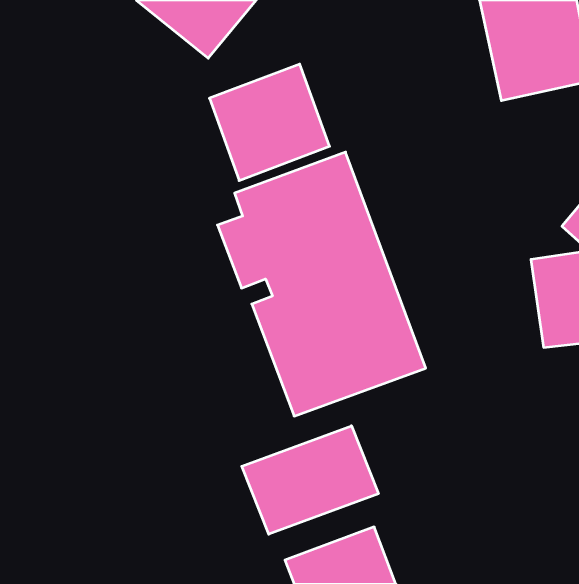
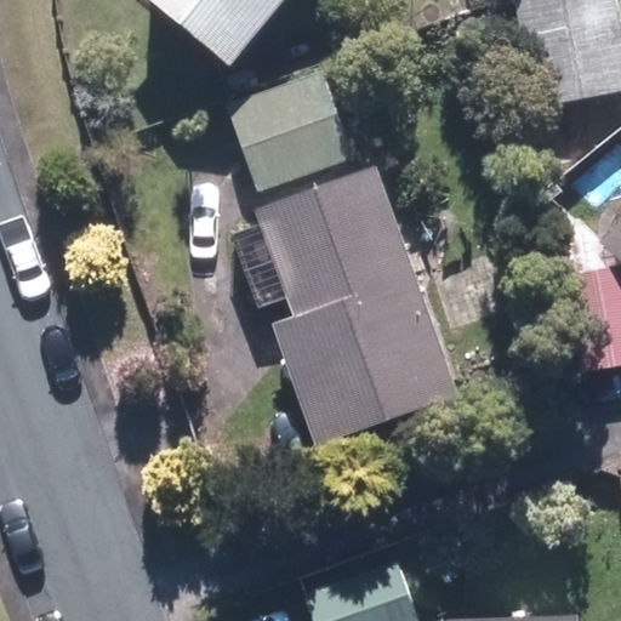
building: [242,426,378,534] -> none

